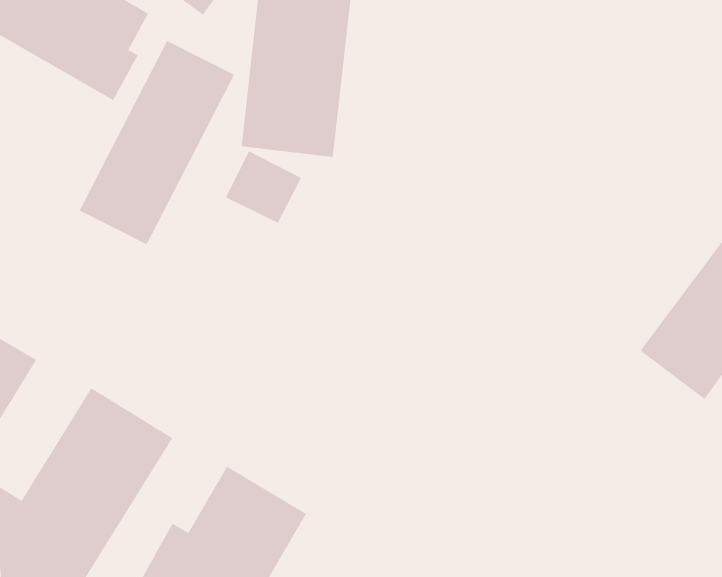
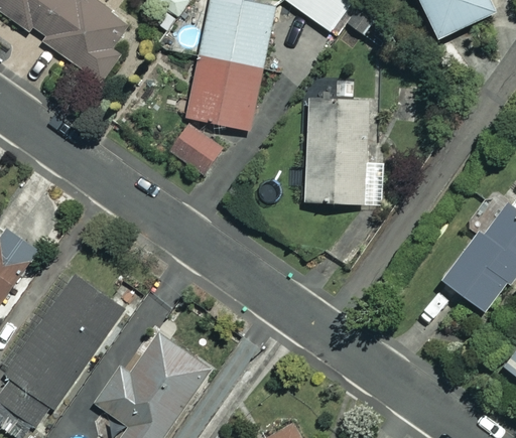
building: [79,40,235,245] -> none
building: none -> [301,71,387,204]

